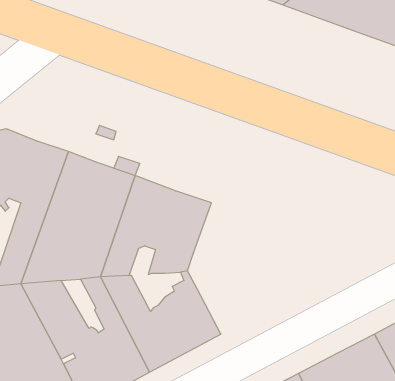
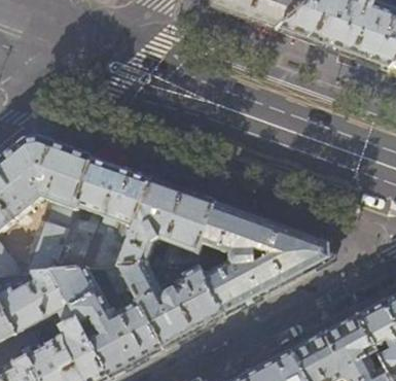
building: none -> [202,200,331,313]

